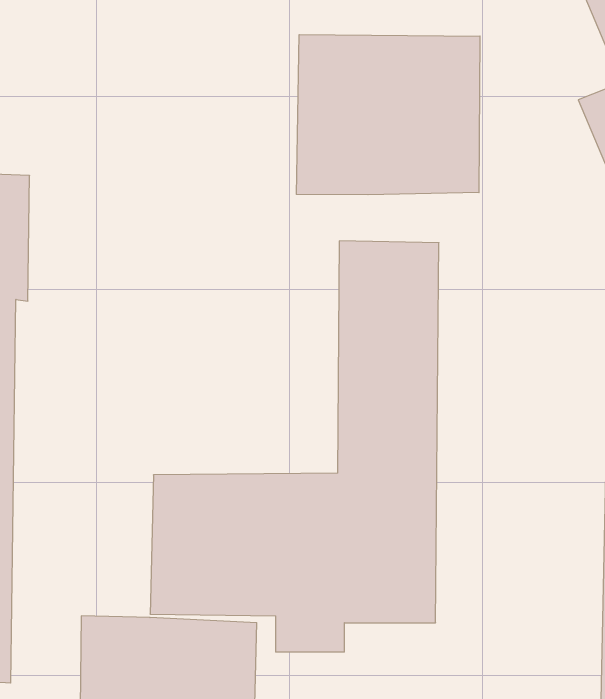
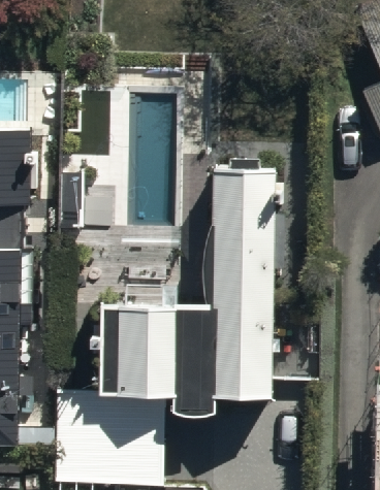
building: [296,35,480,195] -> none

